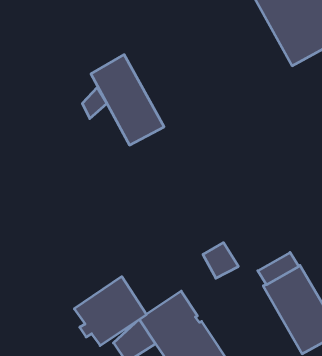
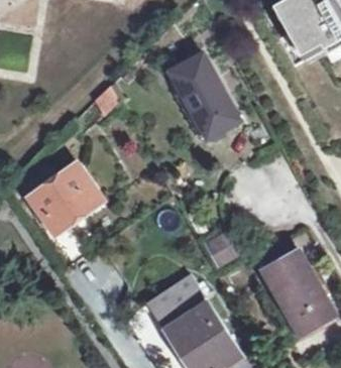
building: [91,55,164,145] -> [174,52,242,137]
building: [74,277,146,346] -> [34,164,102,229]

